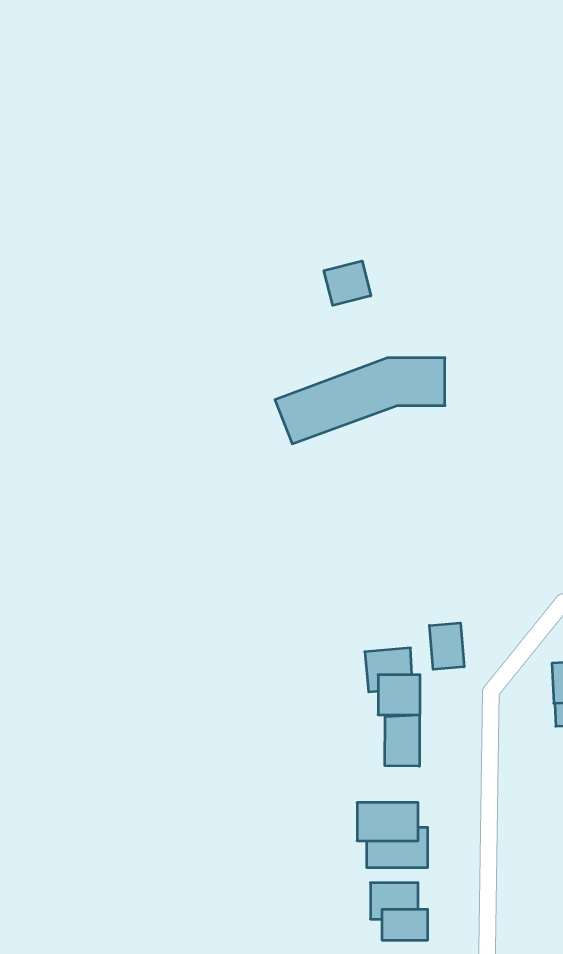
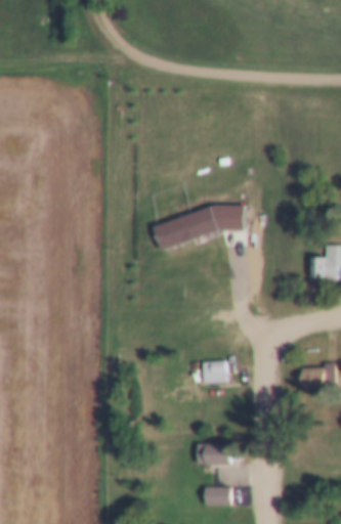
building: [324,261,371,305] -> none
building: [429,623,464,669] -> none
building: [385,715,419,766] -> none

